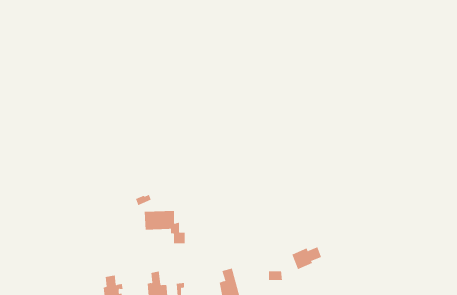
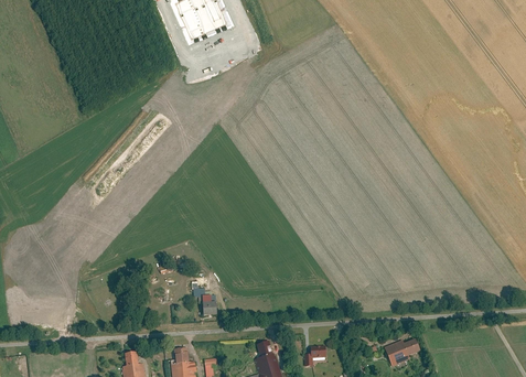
building: [292,247,322,270] -> [386,340,420,366]

